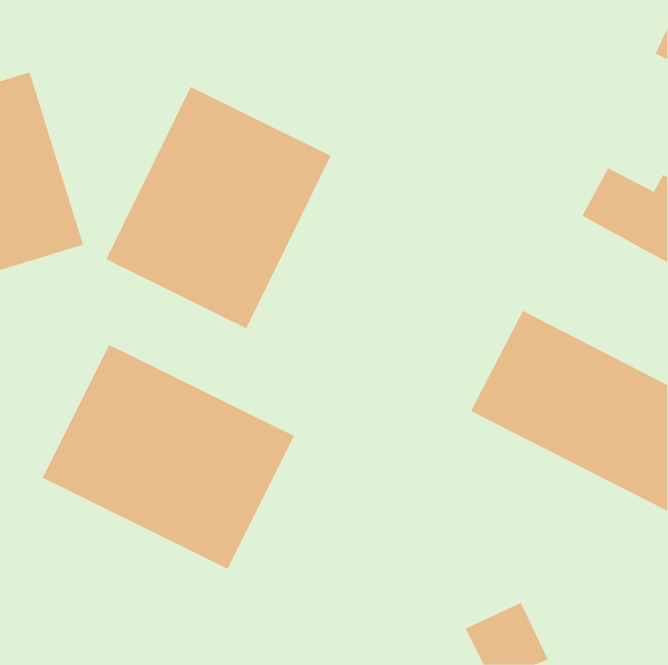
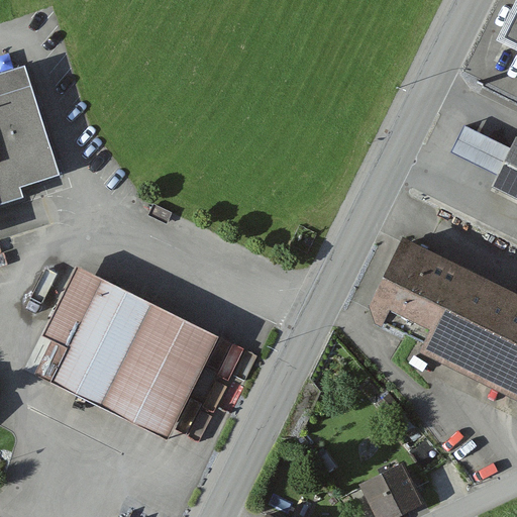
building: [106,86,331,329] -> none

